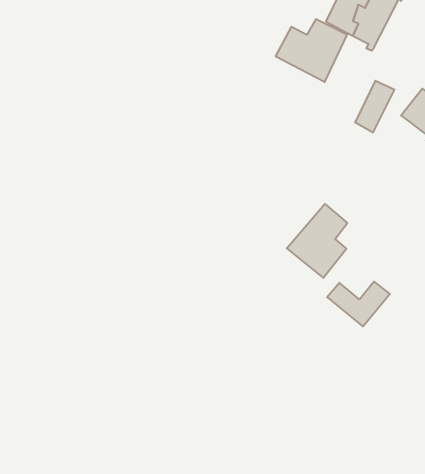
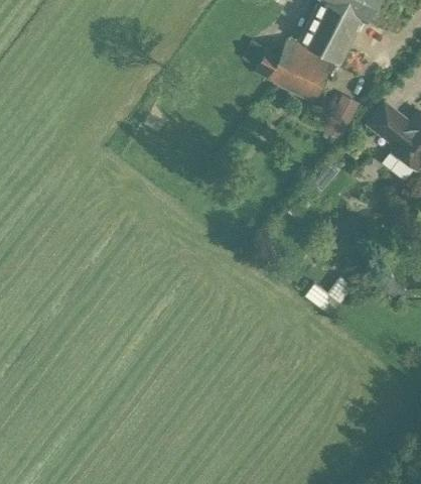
building: none -> [299,51,336,102]
building: [287,204,347,278] -> none

